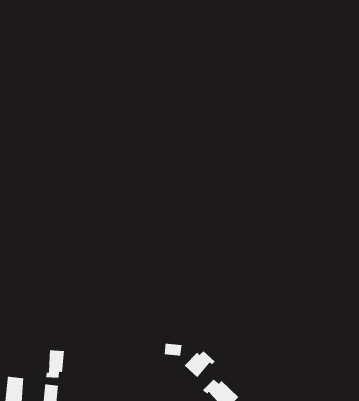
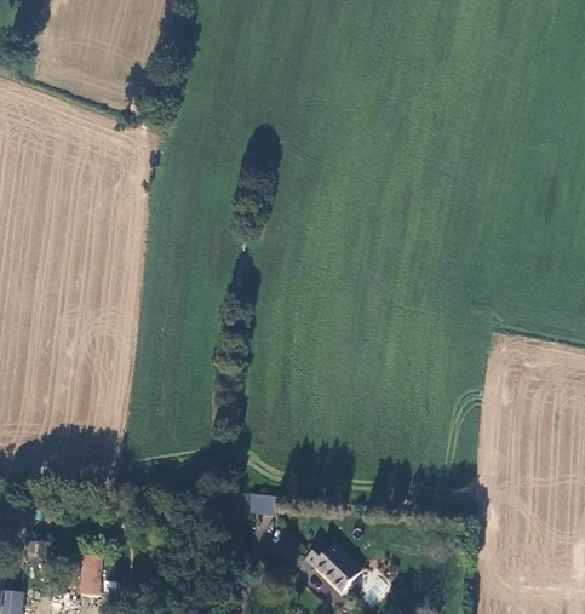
building: [45,349,65,379] -> none
building: [184,351,216,378] -> none

